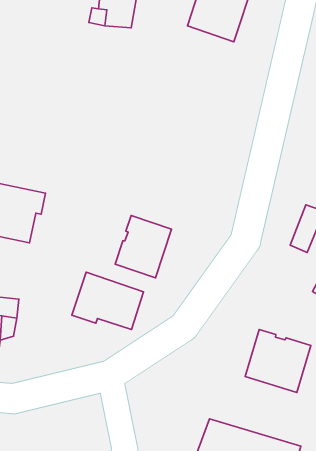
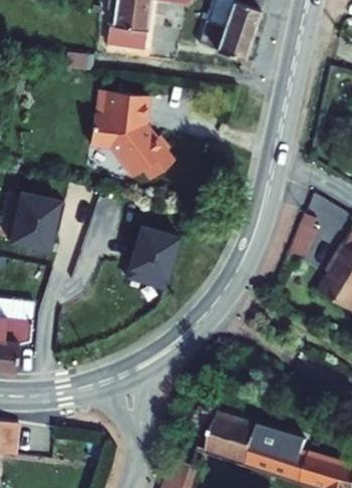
building: none -> [88,87,172,177]
building: [72,272,144,329] -> none
building: [245,330,311,392] -> none

